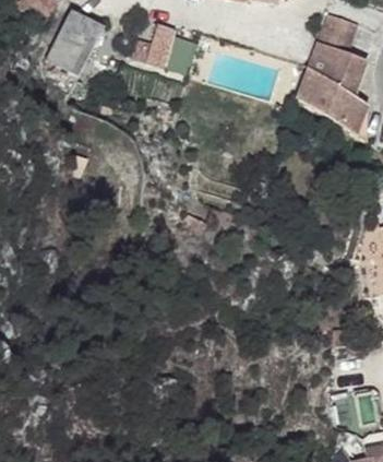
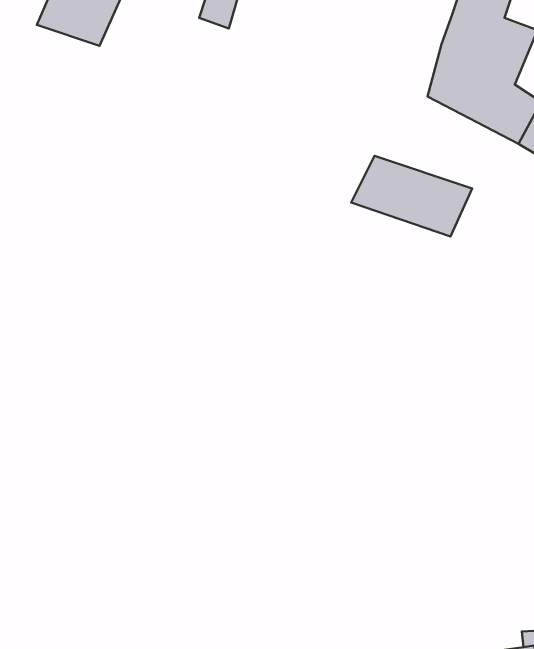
building: none -> [351,156,472,236]

